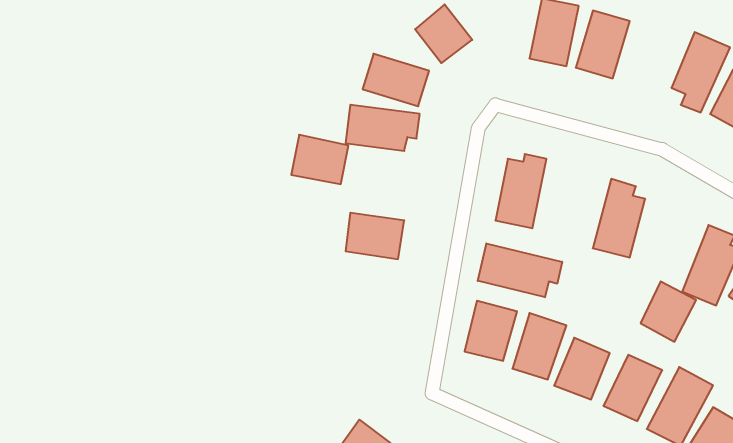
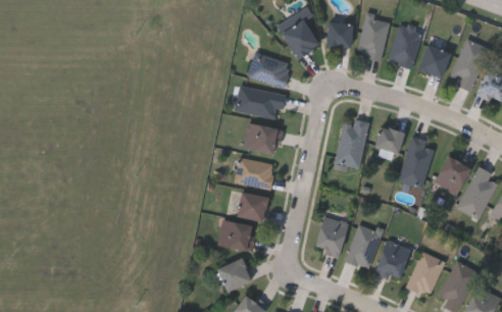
building: none -> [325,22,352,49]
building: none -> [418,45,451,80]
building: [291,135,348,184] -> [243,122,281,155]
building: none -> [373,125,404,154]
building: [478,243,562,297] -> none
building: none -> [237,192,266,220]
building: [641,281,696,342] -> [434,155,470,195]
building: none -> [217,220,255,252]
building: none -> [216,257,251,292]

